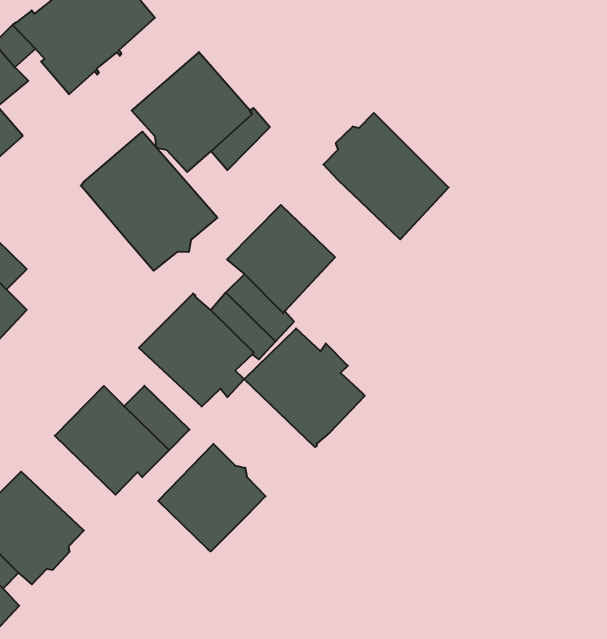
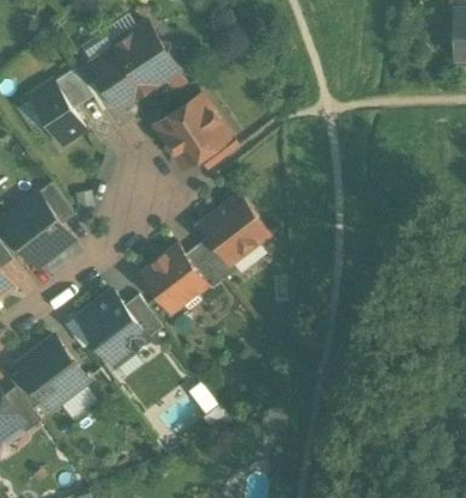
building: [323,113,449,239] -> none
building: [81,132,217,271] -> none
building: [244,328,365,447] -> none
building: [158,444,266,551] -> none

